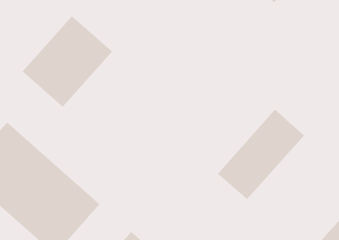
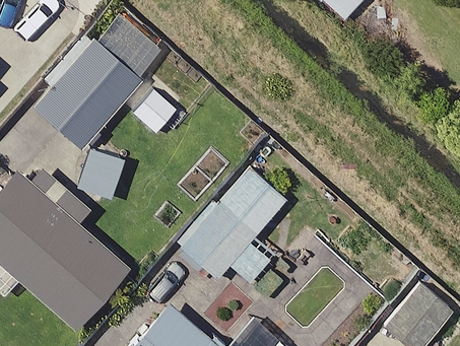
building: [217,109,305,200] -> [181,169,287,280]

